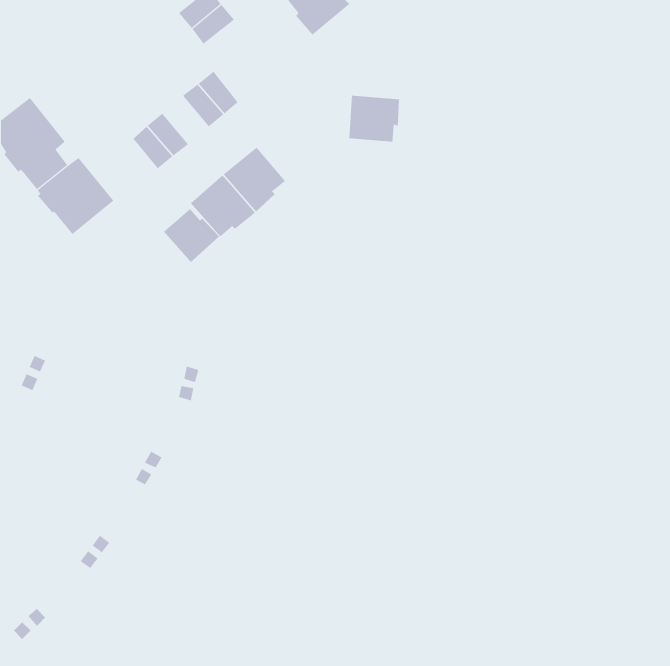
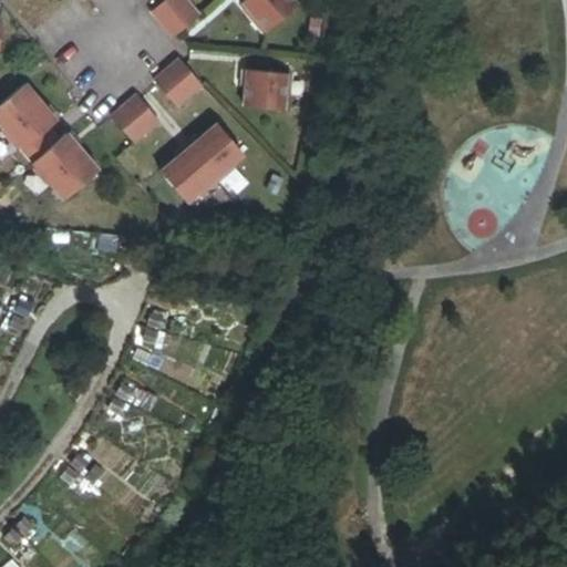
building: [349,95,400,142] -> [245,69,288,109]
building: [163,208,220,263] -> none

